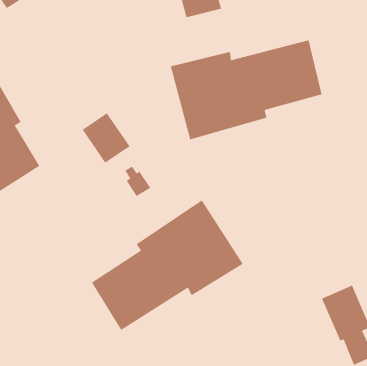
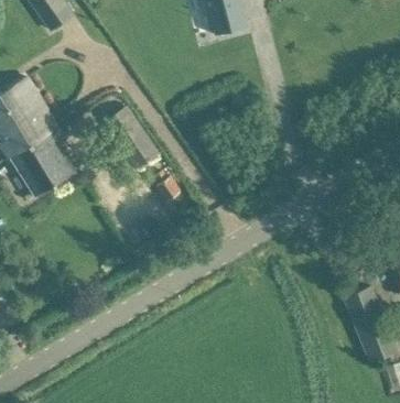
building: [170,39,322,140] -> none
building: [91,199,243,331] -> none

